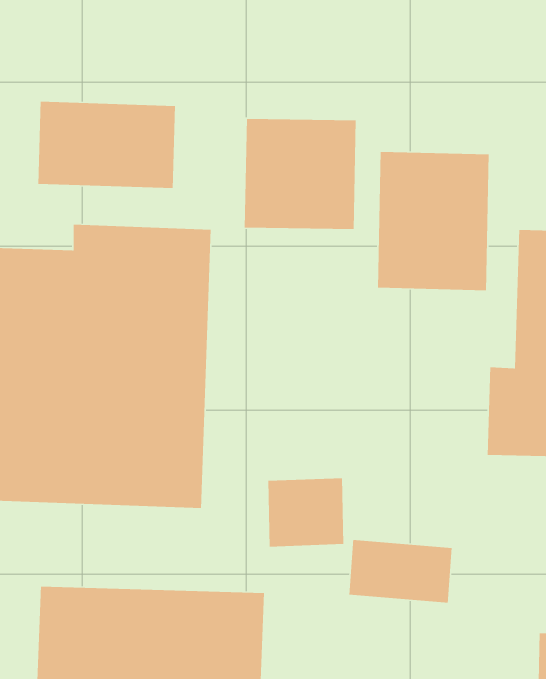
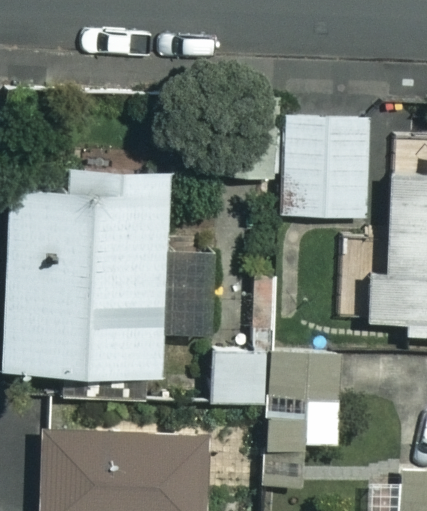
building: [37,101,176,189] -> none
building: [244,118,357,230] -> none

